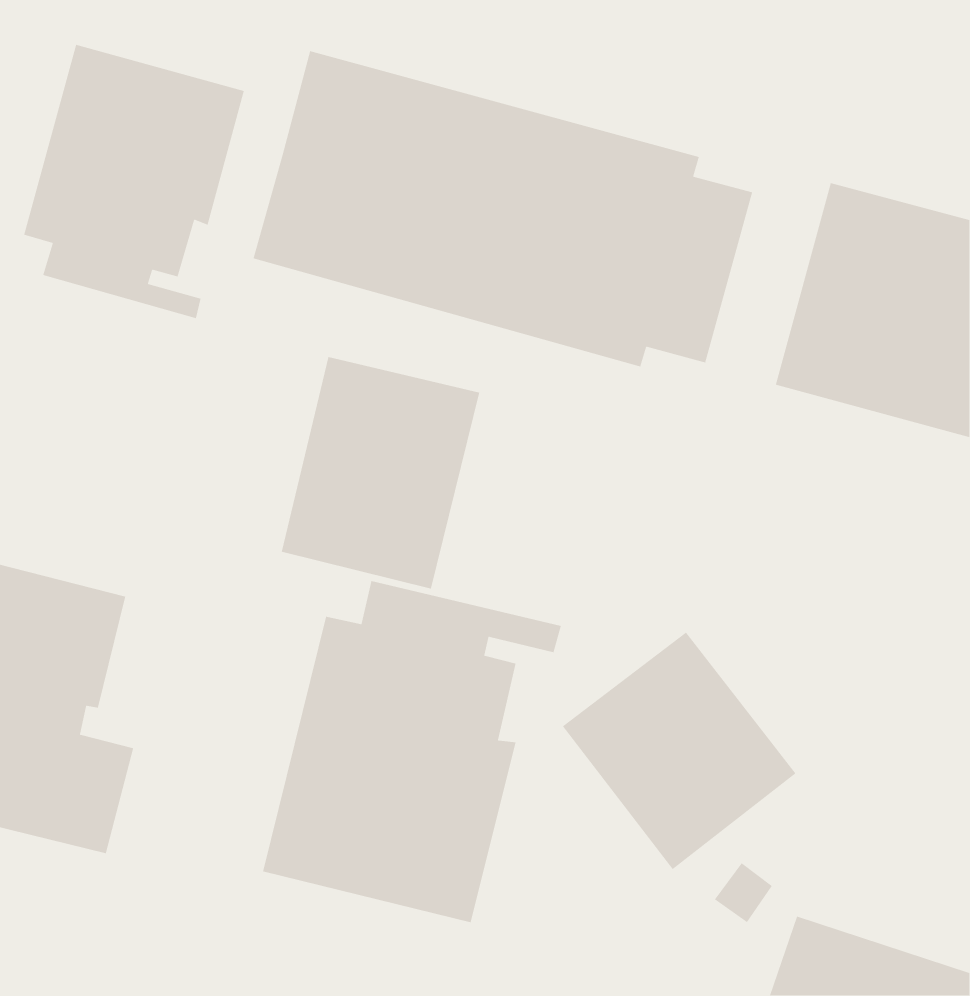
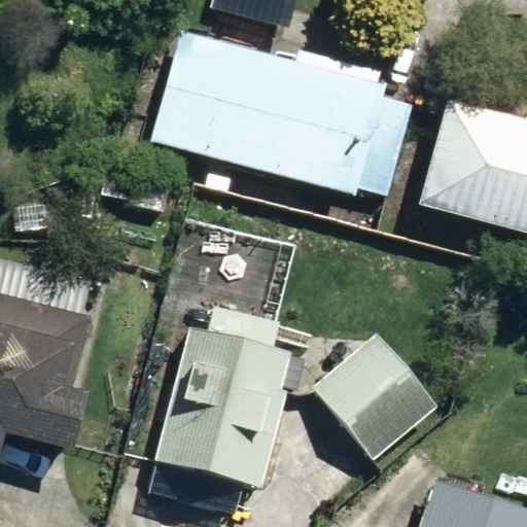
building: [23,44,245,319] -> none
building: [281,356,480,589] -> none

